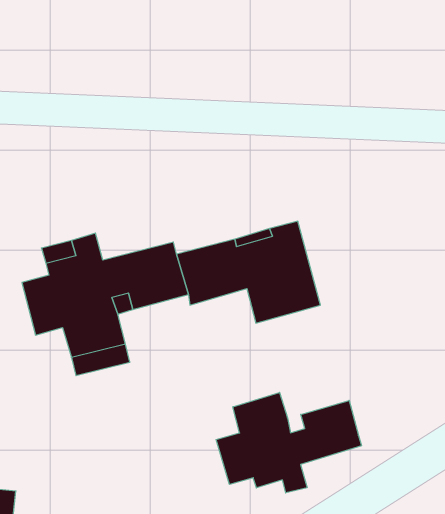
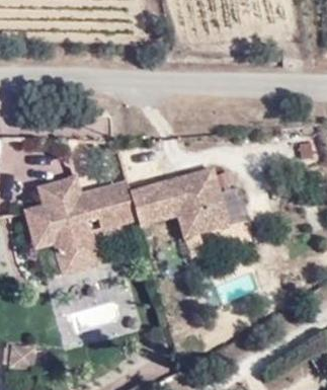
building: [216,392,362,493] -> none

